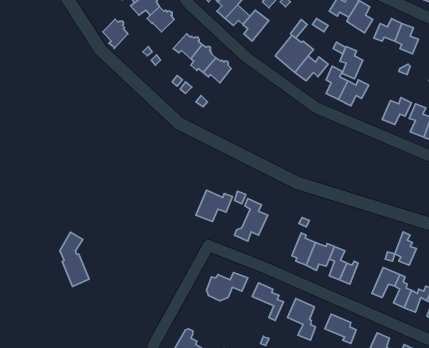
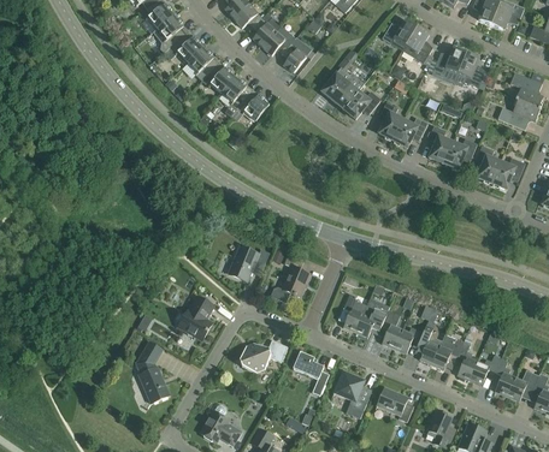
building: [103,19,128,48] -> [188,48,217,82]
building: [340,47,363,79] -> [426,126,453,163]
building: [395,232,417,265] -> [414,326,439,364]
building: [60,232,89,286] -> [136,341,170,404]
building: none -> [177,296,213,340]

